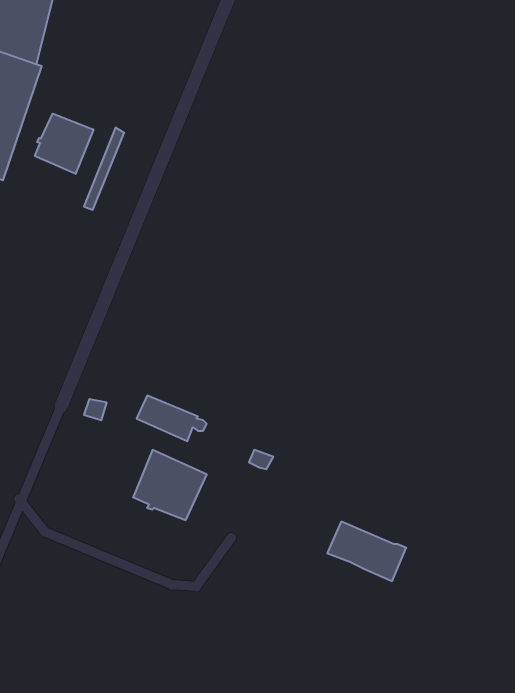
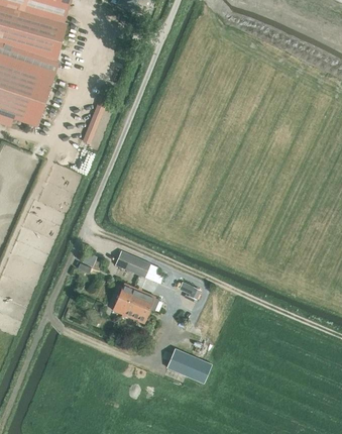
building: [35,114,93,174] -> none
building: [327,522,406,581] -> [165,349,211,384]

